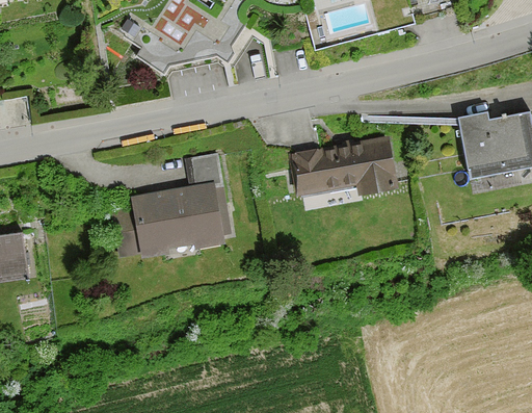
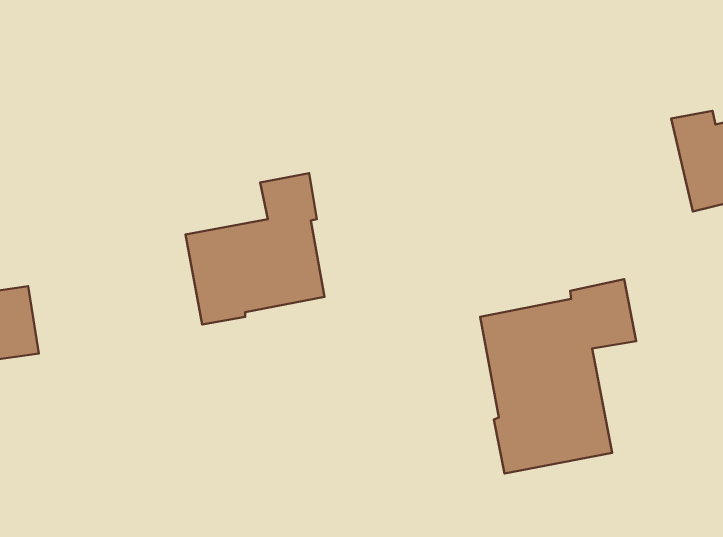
building: [292,135,400,197] -> none
building: none -> [480,279,636,473]

